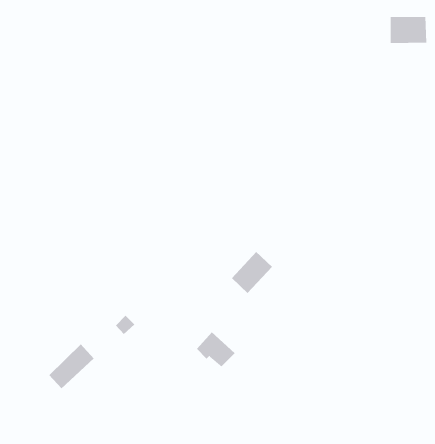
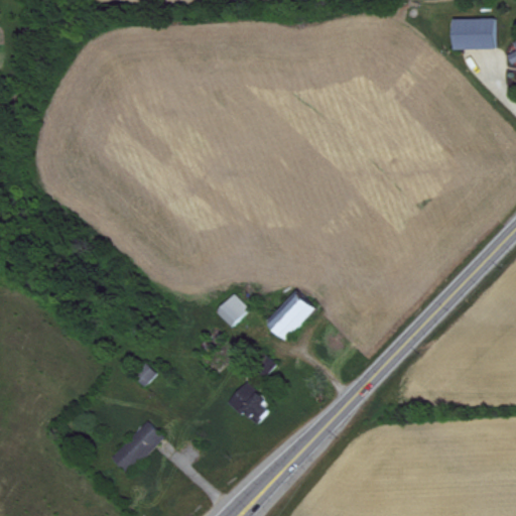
building: none -> [215,294,248,328]
building: [48,344,95,389] -> [110,421,163,474]

